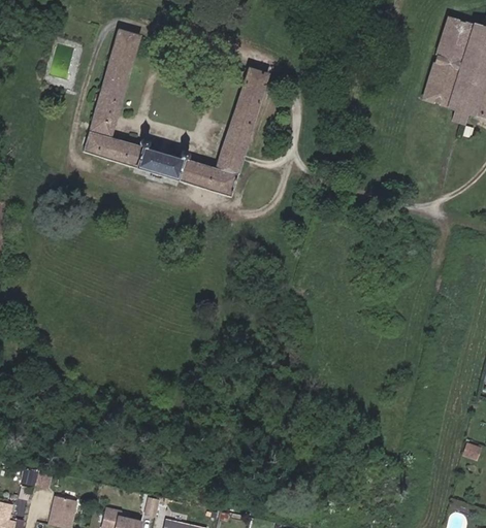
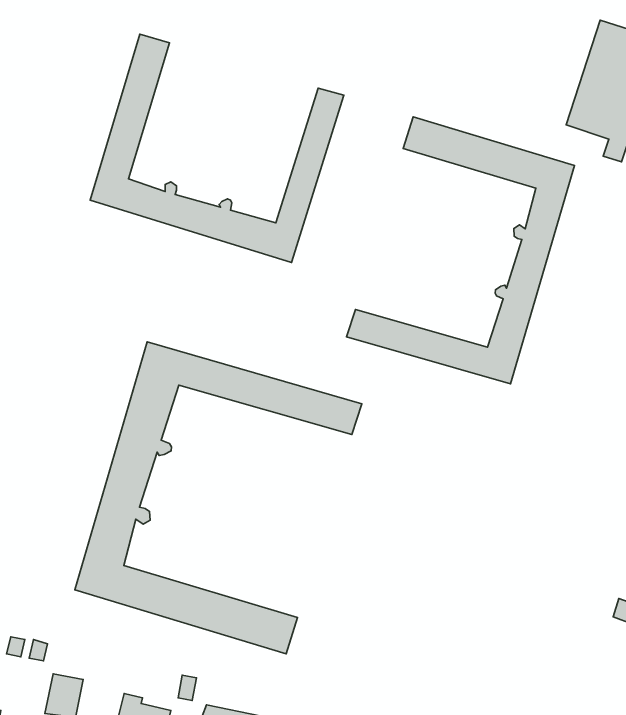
building: none -> [347,117,574,384]
building: none -> [75,342,362,654]

